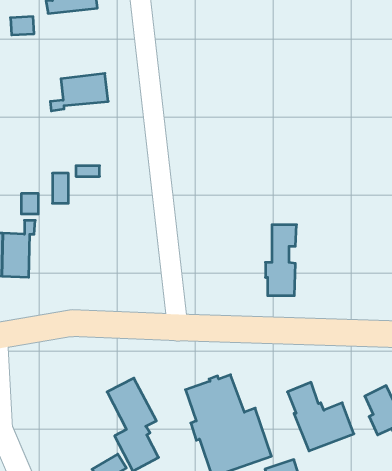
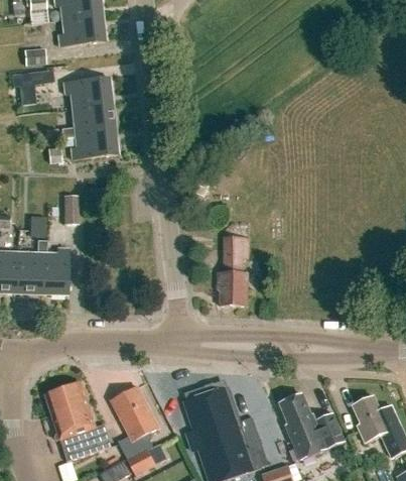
building: none -> [61,77,111,107]
building: none -> [69,128,117,159]
building: [265,225,297,296] -> [218,237,247,304]
building: none -> [39,247,66,294]
building: none -> [47,383,112,460]

